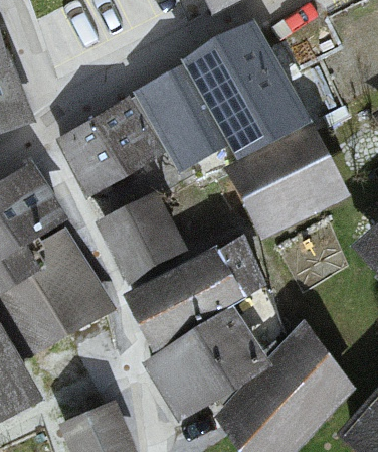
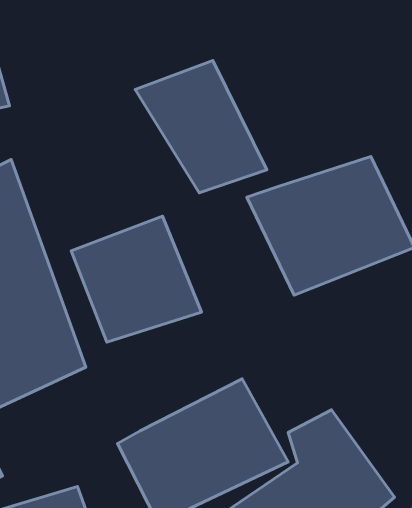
building: [185,35,311,160] -> none
building: [56,97,169,199] -> none
building: [125,240,272,353] -> none

